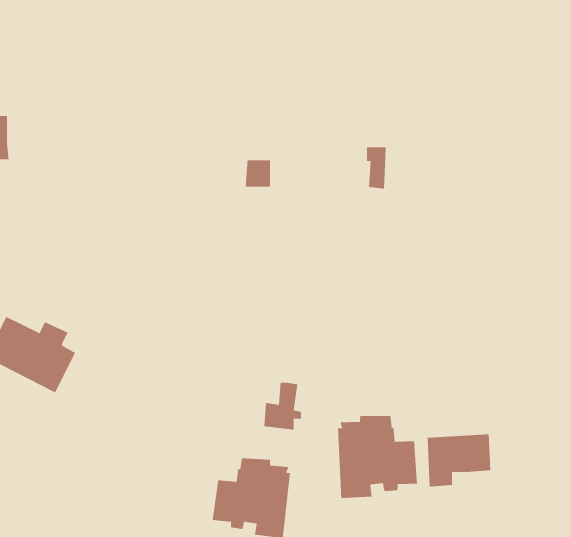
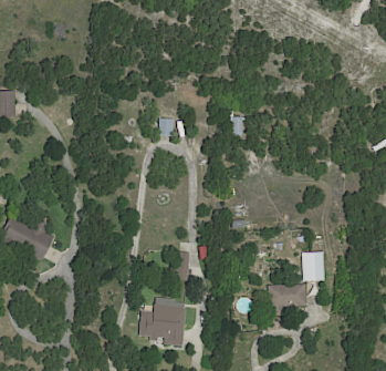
building: none -> [303,254,323,281]
building: [338,415,418,499] -> none

